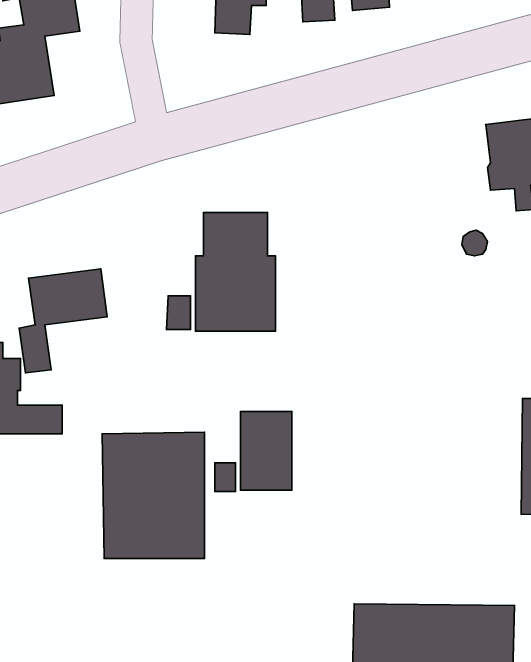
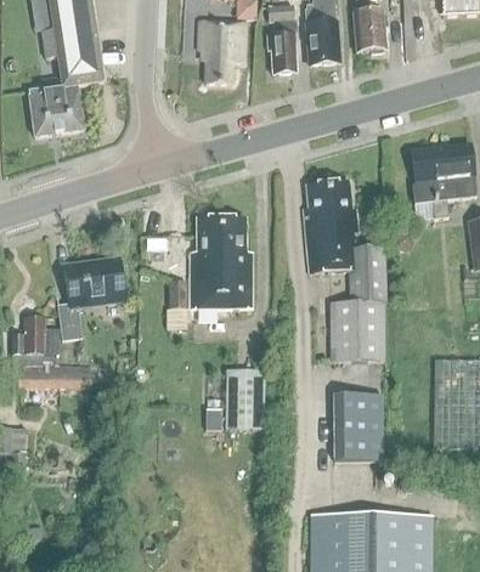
building: none -> [304,180,386,359]
building: [102,432,204,558] -> none
building: none -> [333,393,383,459]

